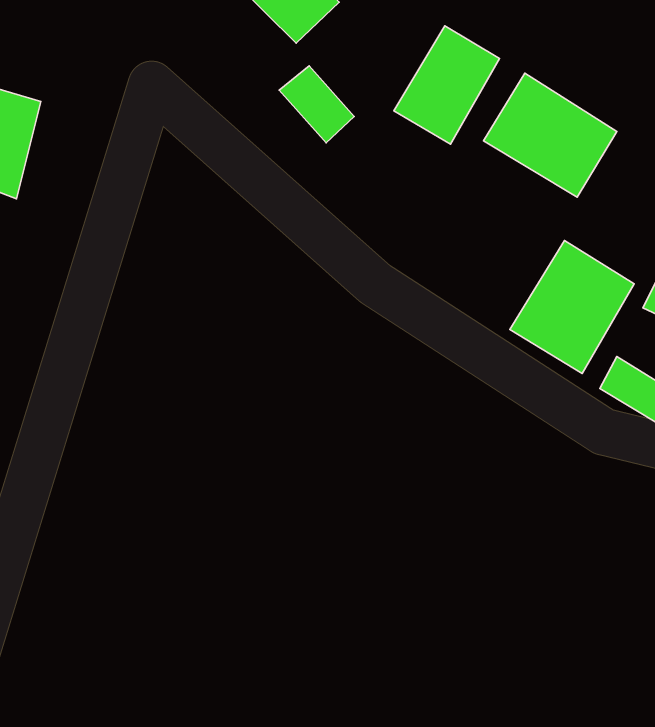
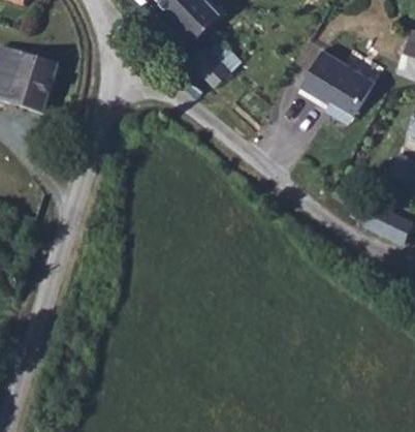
building: [394,26,499,144] -> none
building: [510,241,634,373] -> none

